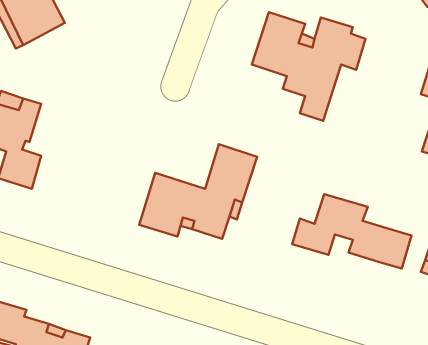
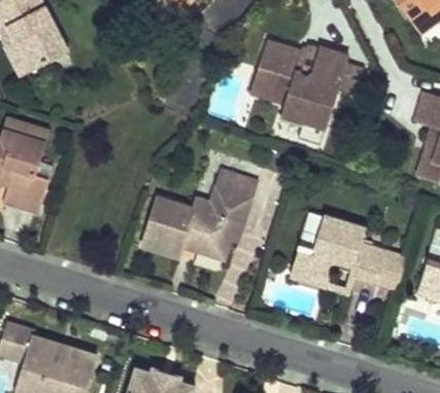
building: none -> [287,255,349,290]

